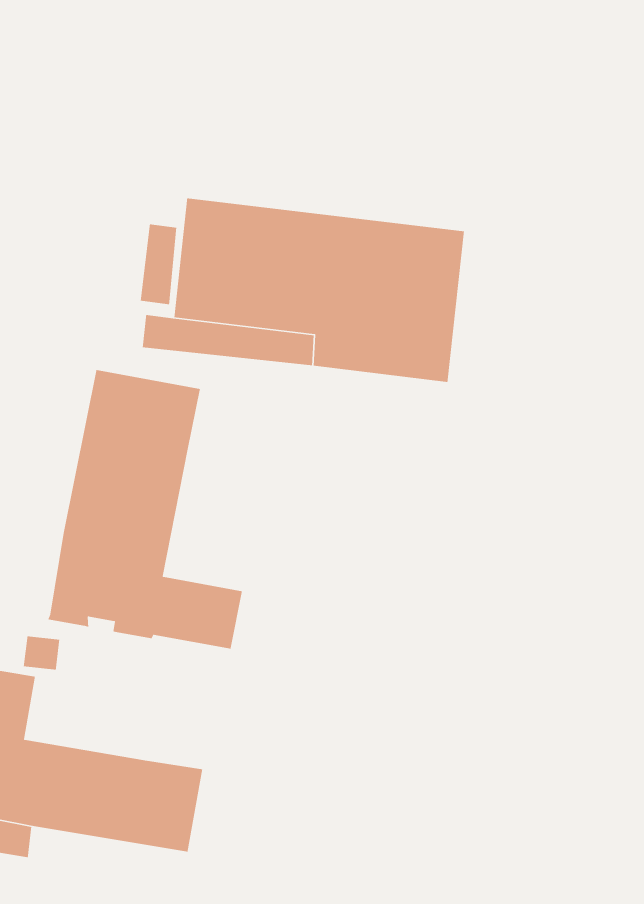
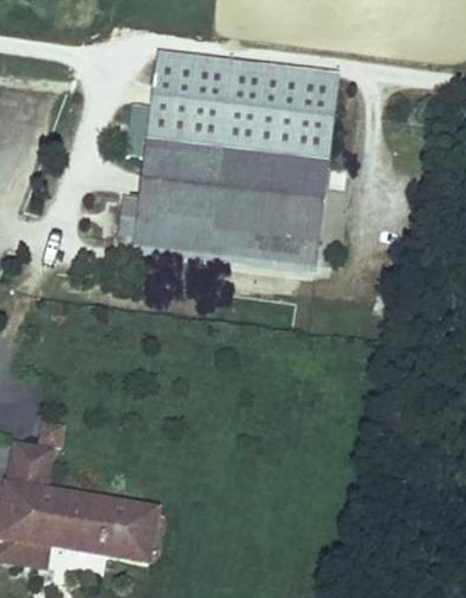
building: none -> [148,57,337,161]
building: [47,369,243,650] -> none

